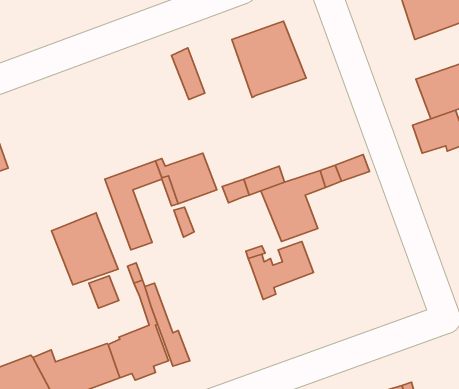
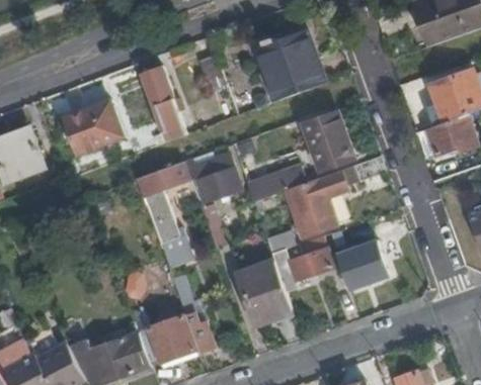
building: none -> [144,68,184,139]
building: none -> [62,97,124,154]
building: none -> [301,111,354,171]
building: [51,213,118,285] -> none
building: none -> [336,242,389,291]
building: none -> [239,261,292,323]

